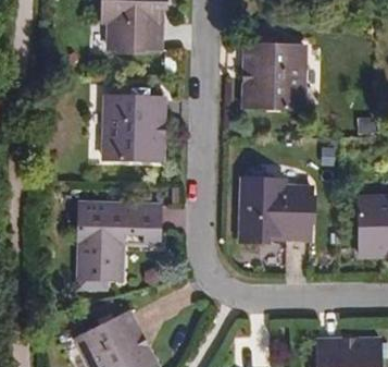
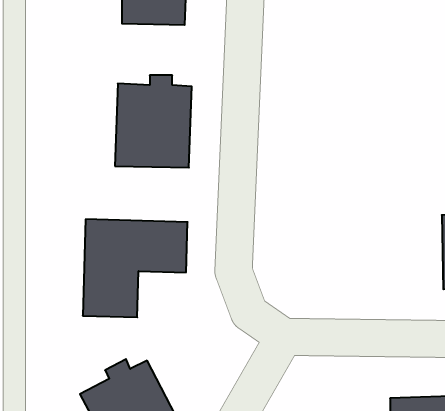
building: [245,36,302,109] -> none
building: [240,178,310,241] -> none

